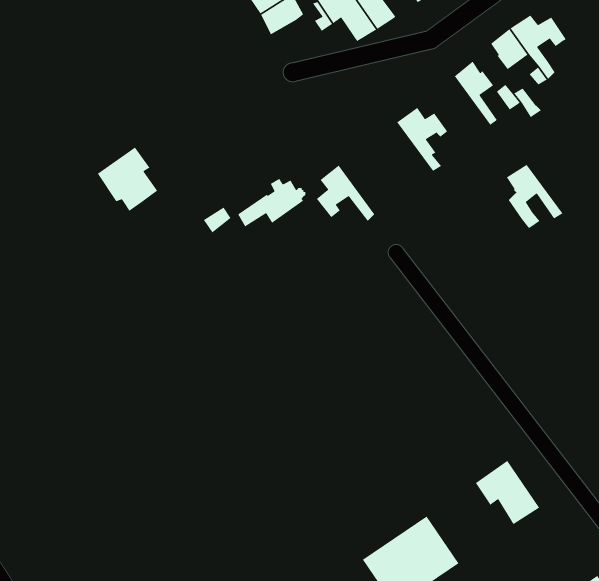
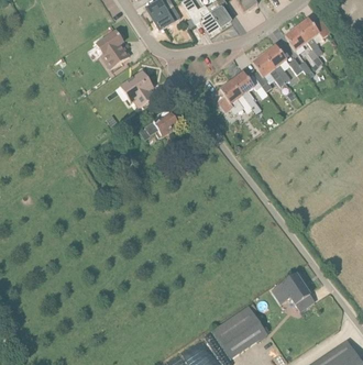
building: none -> [96,31,129,68]
building: [97,147,158,212] -> [120,70,155,108]
building: [506,164,563,229] -> [252,54,285,91]
building: [316,164,375,222] -> [218,80,252,113]

